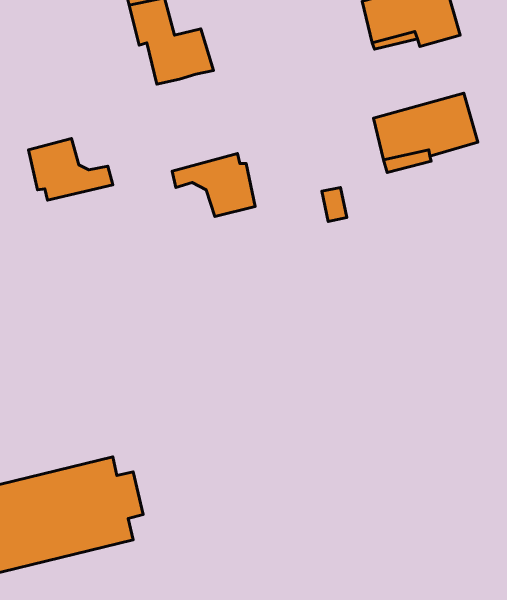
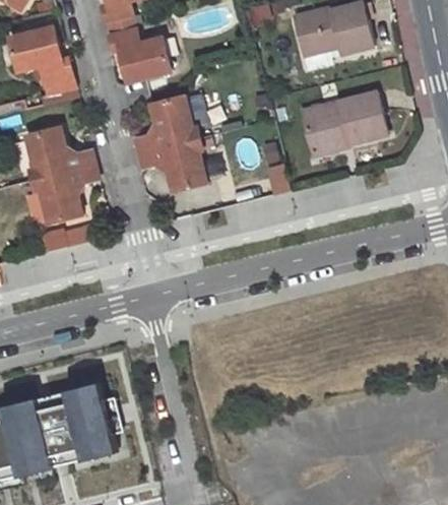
building: none -> [6,26,74,94]
building: none -> [136,96,194,153]
building: none -> [37,165,97,224]

